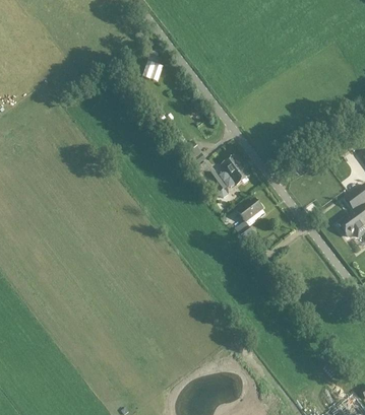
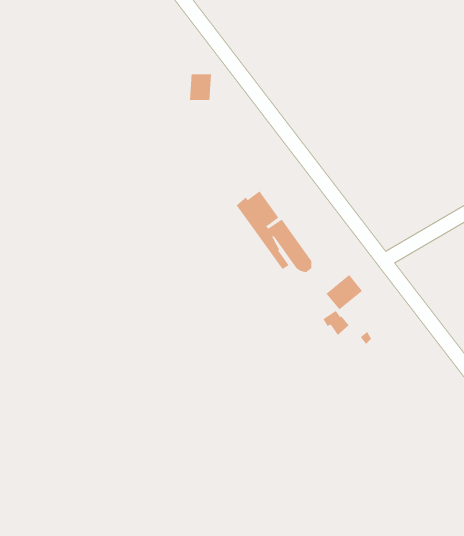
building: [223,154,250,184] -> none

